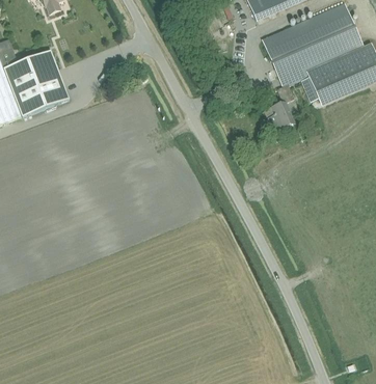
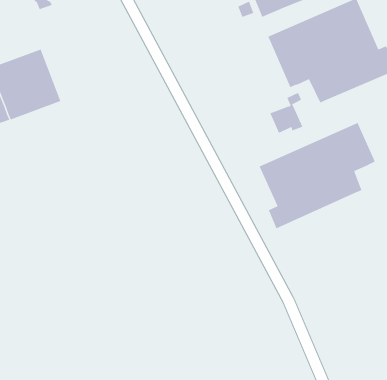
building: none -> [259,122,376,229]

